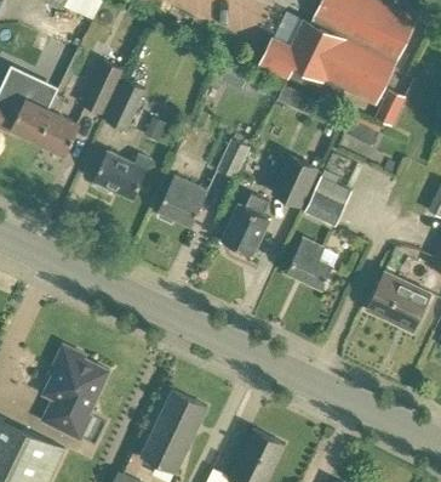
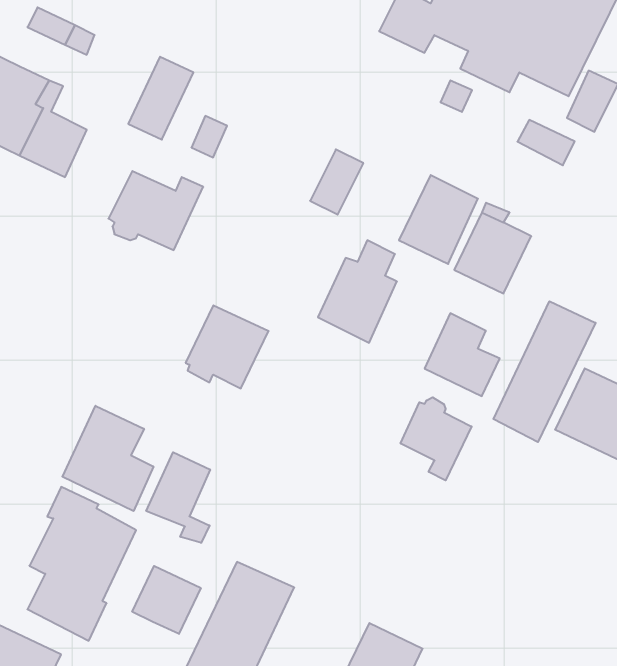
building: [81,61,122,114] -> none
building: [156,176,207,227] -> [186,305,269,388]
building: none -> [493,301,596,442]
building: none -> [401,397,472,480]
building: none -> [62,406,153,511]
building: none -> [146,452,210,543]
building: none -> [132,566,201,634]

